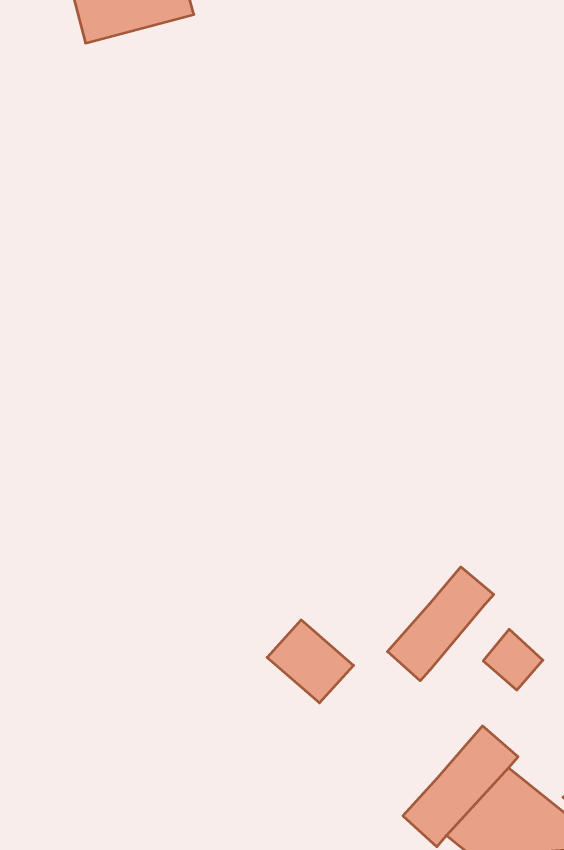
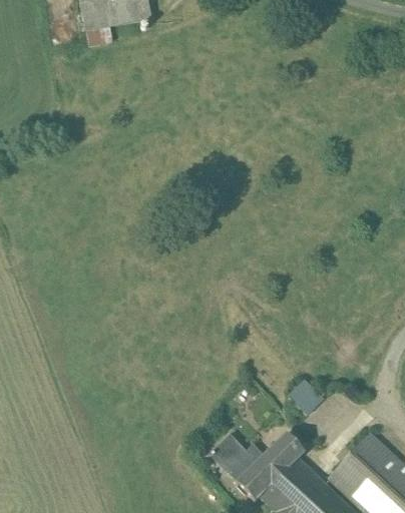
building: [387,567,494,681] -> none
building: [267,620,354,703] -> [210,434,259,482]

